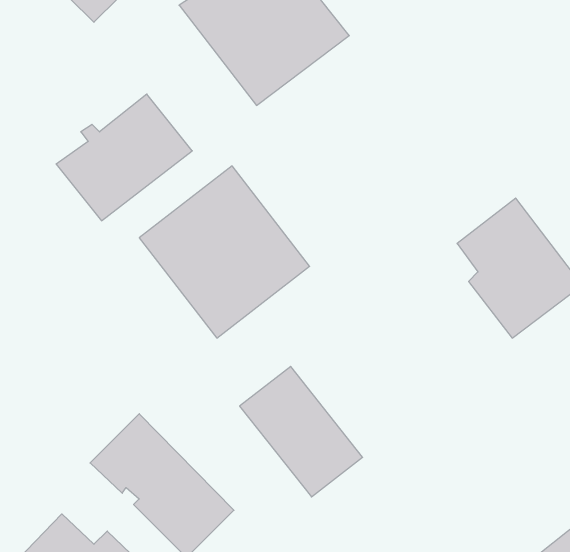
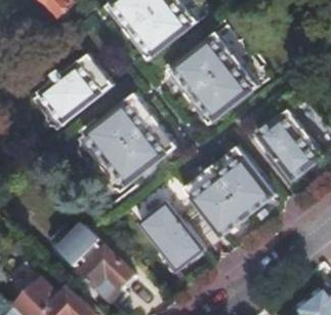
building: none -> [167,31,259,124]
building: none -> [183,146,275,237]

